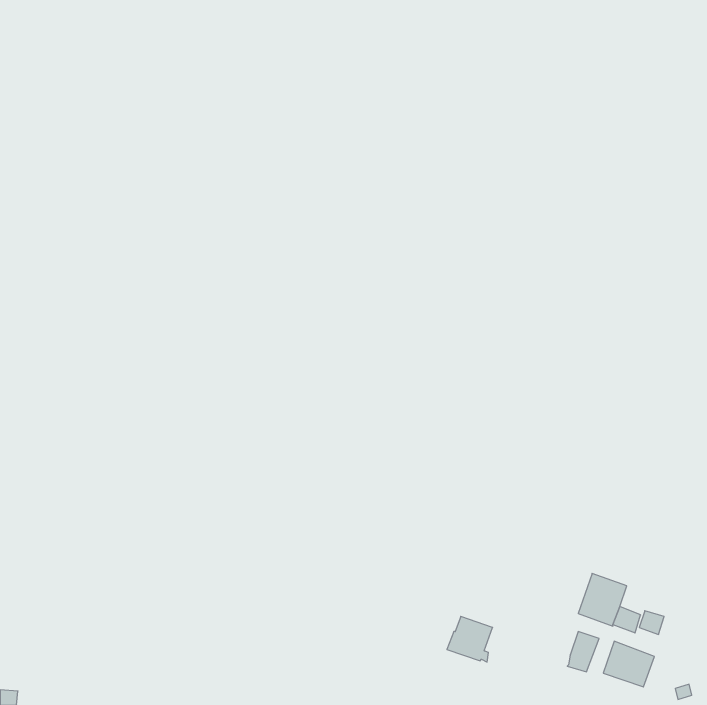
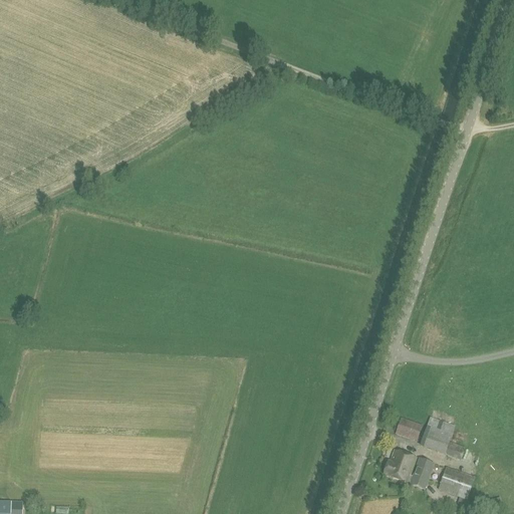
building: none -> [396,417,423,440]
building: [447,616,493,662] -> [383,449,417,482]

